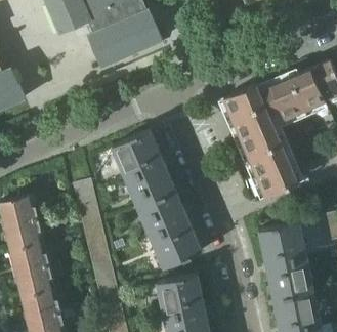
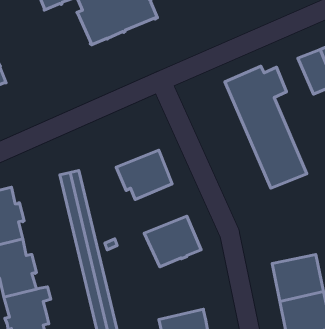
building: [270,78,304,119] -> none
building: [112,131,163,177] -> none
building: [141,193,188,238] -> none
building: [259,222,306,265] -> none
building: [156,275,204,317] -> none

